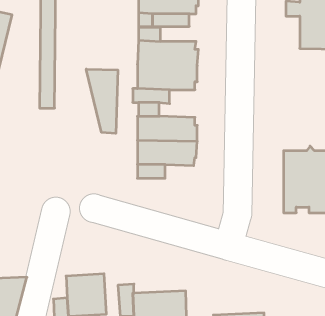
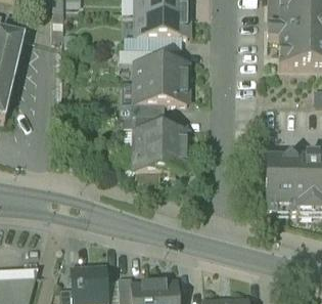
building: [86,69,118,133] -> none

